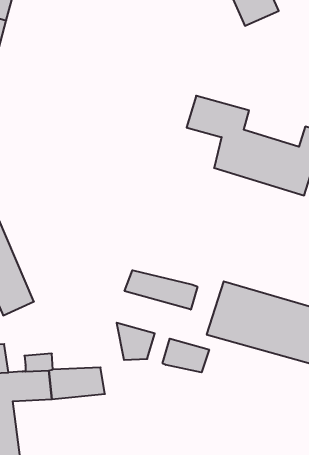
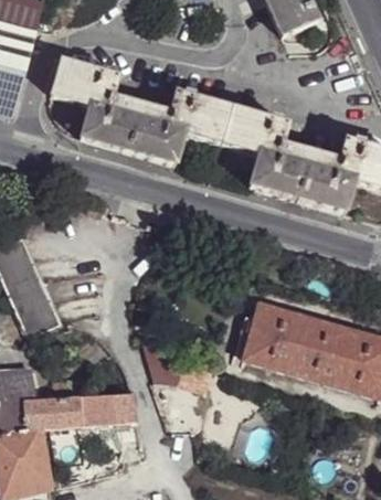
building: none -> [51,60,230,166]
building: [125,270,197,310] -> none
building: [163,339,209,372] -> none

